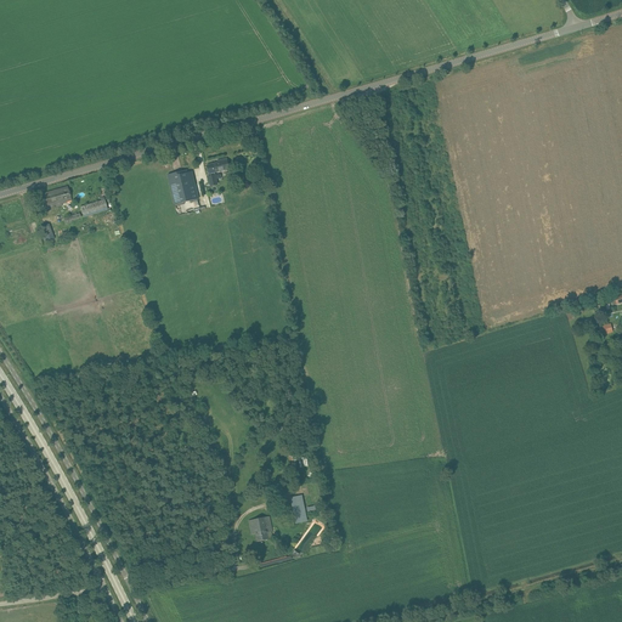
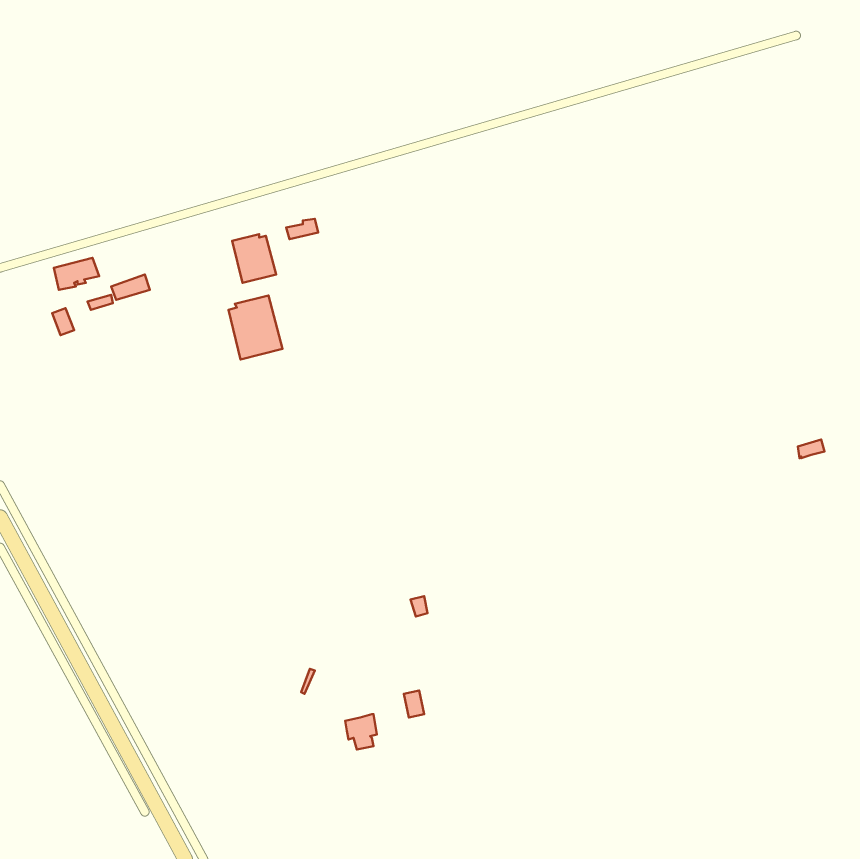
building: none -> [228,295,283,359]

